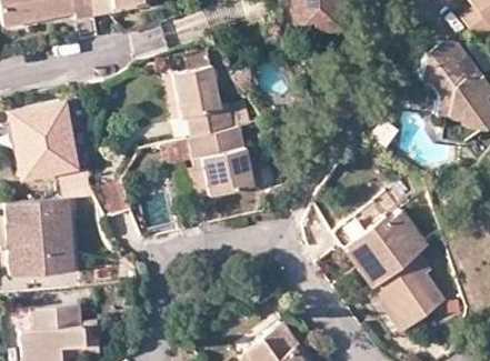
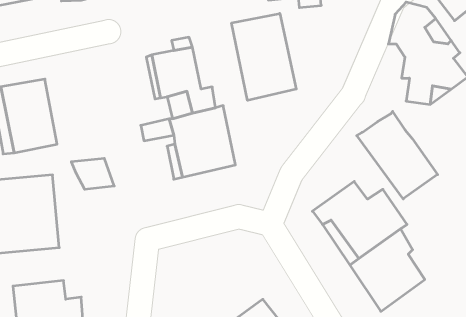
building: none -> [232,13,296,100]
building: none -> [357,111,438,199]

